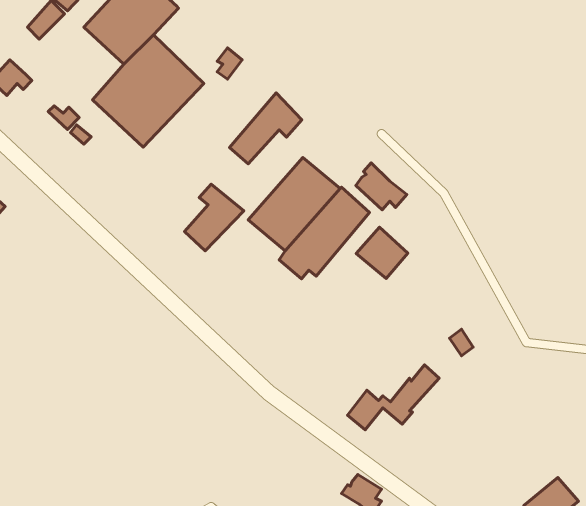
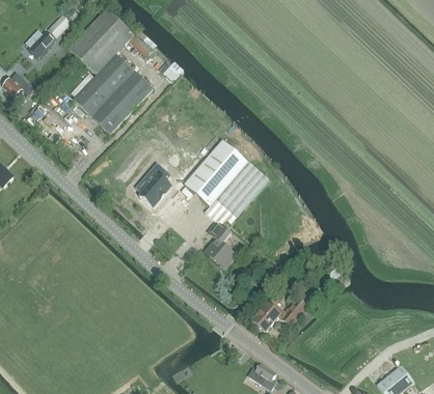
building: [229,93,302,164] -> none
building: [356,163,407,210] -> none
building: [356,227,408,278] -> none
building: none -> [207,226,232,266]

